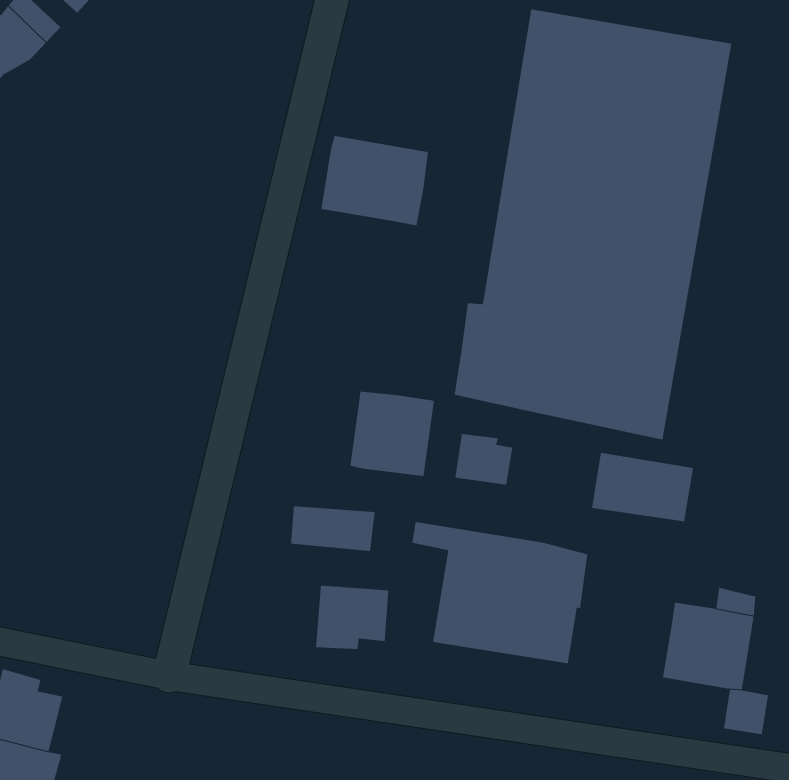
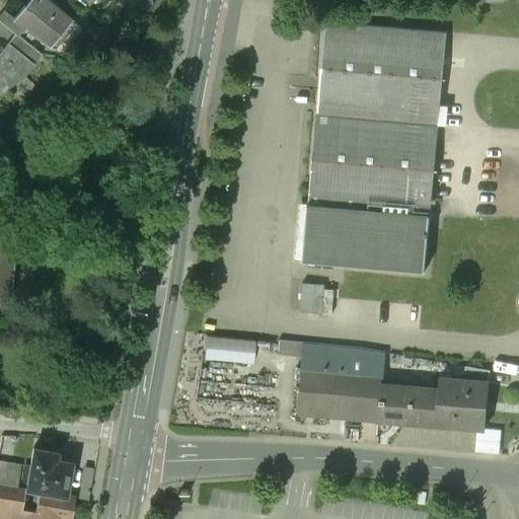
building: [321,135,428,226] -> none
building: [350,391,435,477] -> none
building: [591,452,694,522] -> [377,386,438,425]
building: [316,585,389,650] -> none

